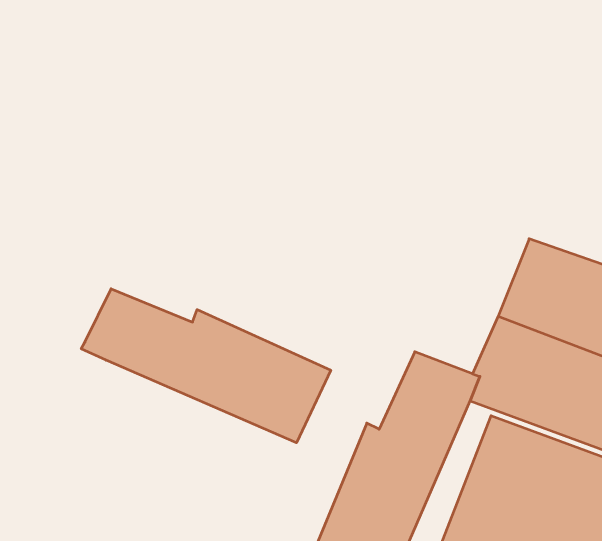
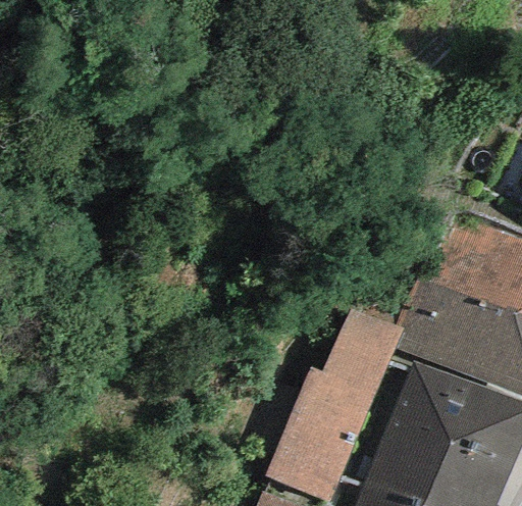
building: [81,289,331,443] -> none

